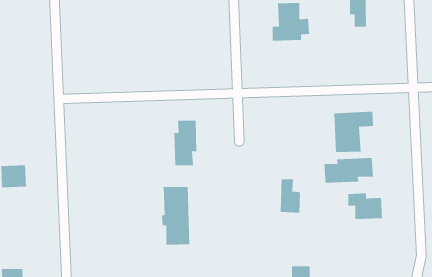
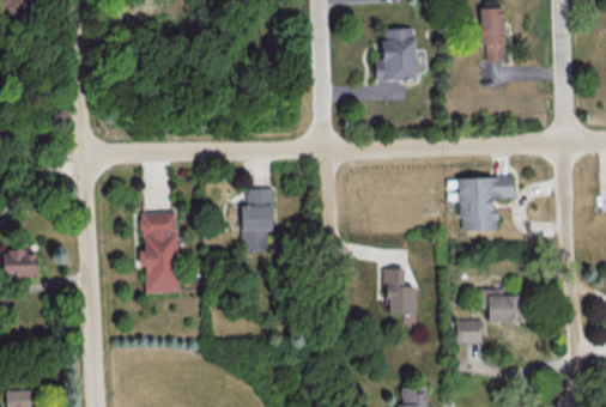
building: [324,157,373,184] -> none
building: [161,186,190,245] -> [139,212,178,292]
building: none -> [456,320,481,344]

